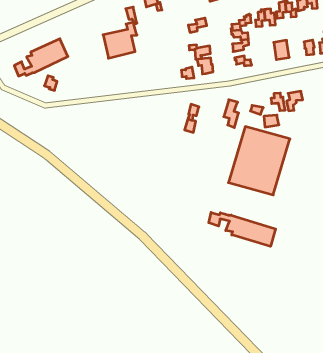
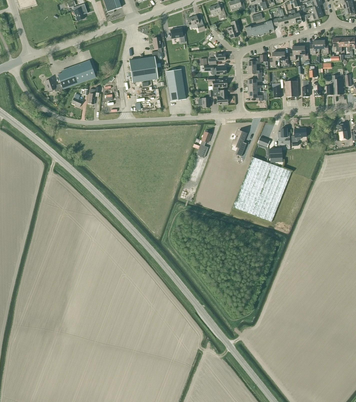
building: none -> [166,68,185,100]
building: [209,212,276,246] -> none

